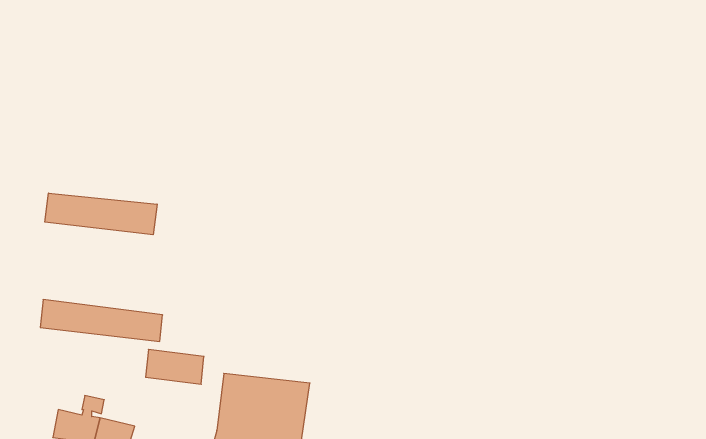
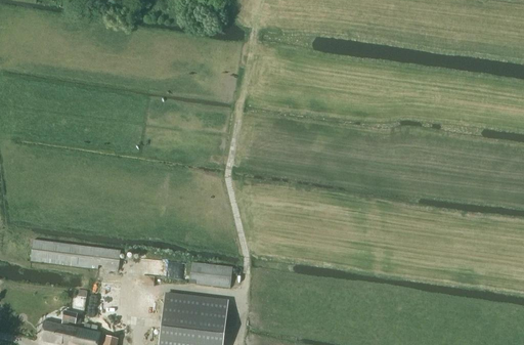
building: [45,193,157,235] -> none
building: [146,349,204,384] -> [188,261,231,287]

